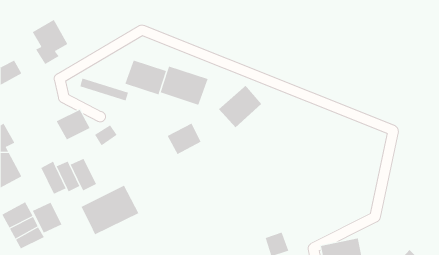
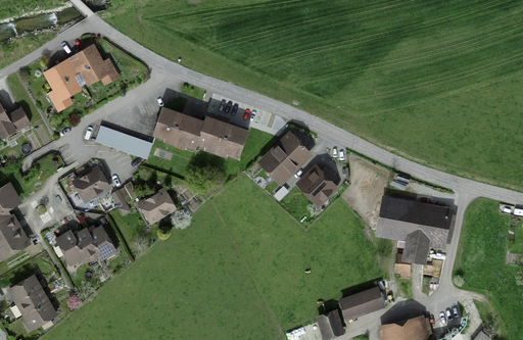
building: none -> [67,44,122,88]
building: none -> [295,161,342,208]
building: [167,123,201,155] -> [135,187,176,225]
building: none -> [374,196,449,265]
building: [81,185,139,235] -> none
building: [32,202,62,233] -> none
building: none -> [337,289,379,319]

